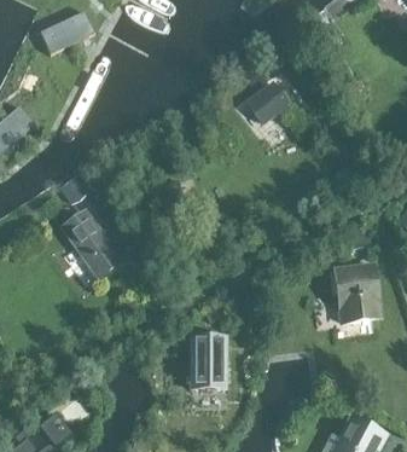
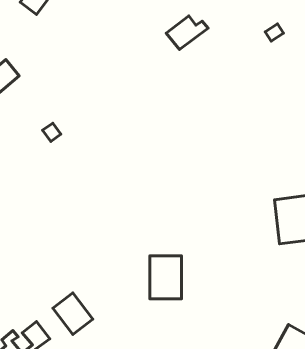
building: [248,83,297,123] -> [166,16,208,50]
building: [65,214,127,278] -> none
building: none -> [53,293,93,335]

